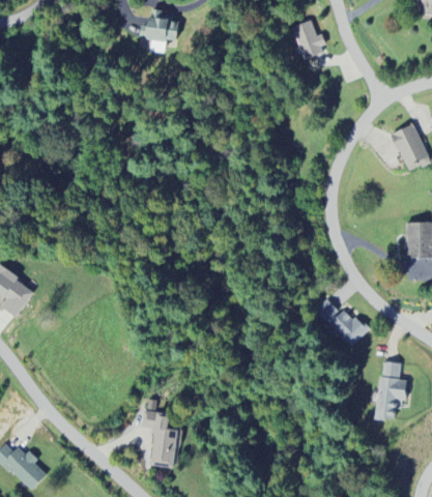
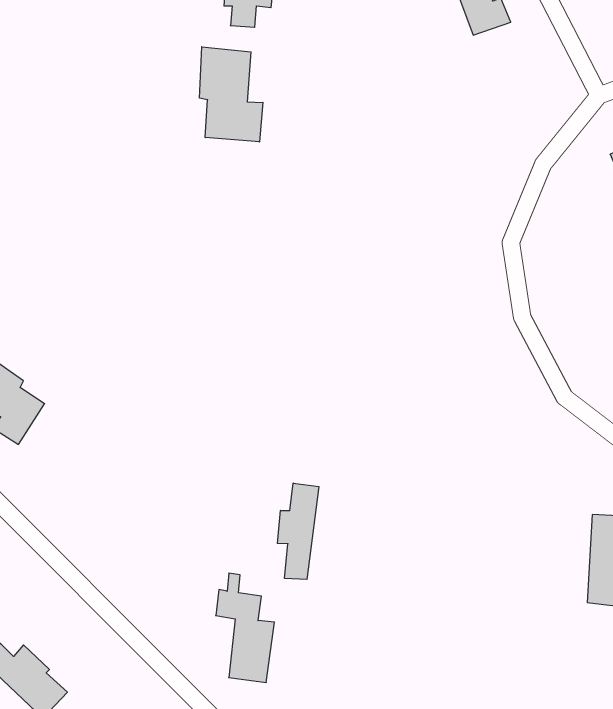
building: none -> [200,47,263,142]
building: [316,299,368,347] -> none
building: none -> [277,483,319,579]

